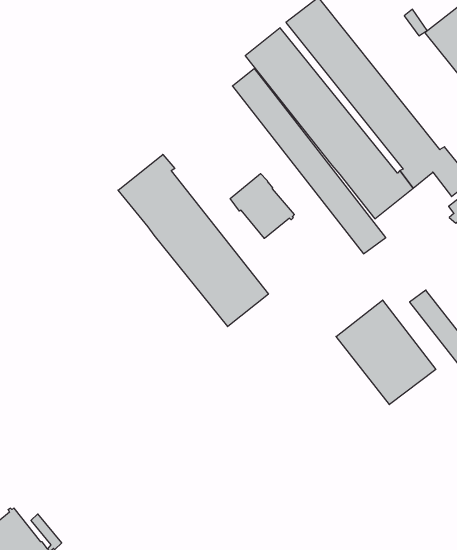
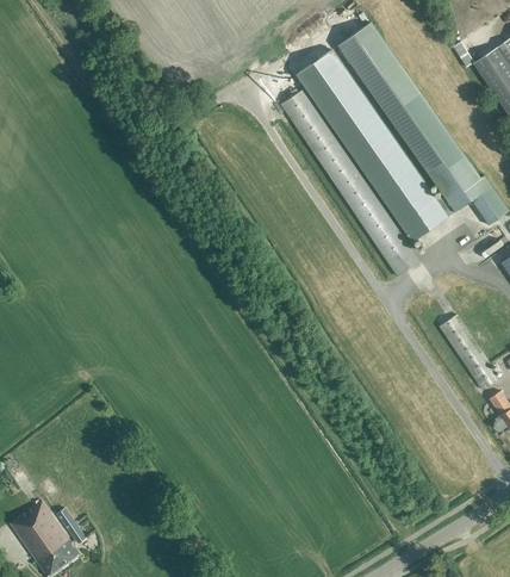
building: [118,154,268,327] -> none
building: [230,174,294,238] -> none
building: [336,300,436,405] -> none

